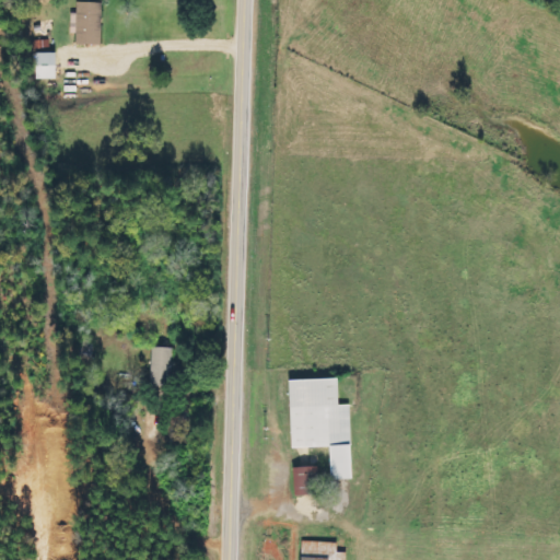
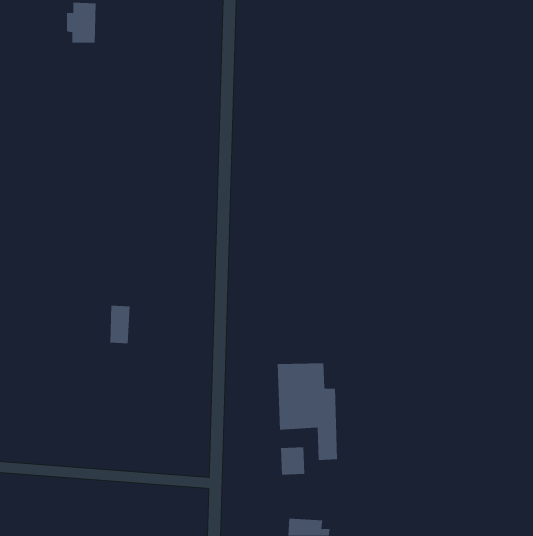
building: [33,52,57,80] -> none
building: [149,347,171,387] -> [110,305,130,344]

